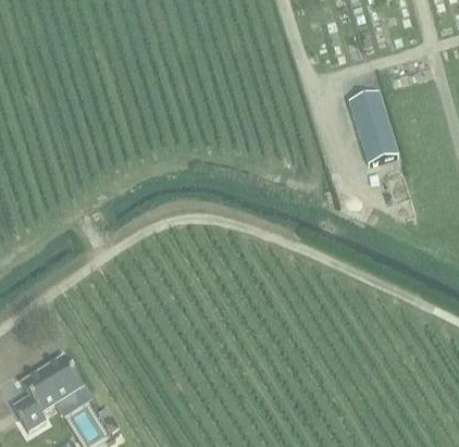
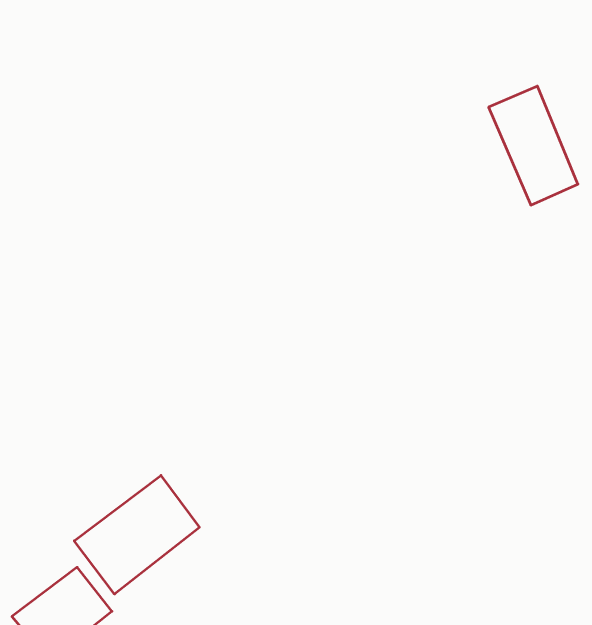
building: none -> [74,475,199,594]

